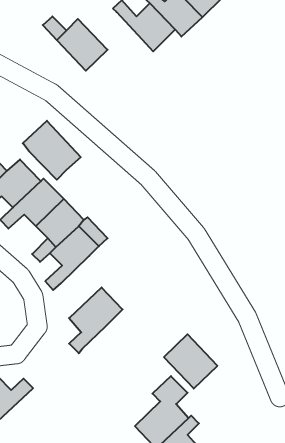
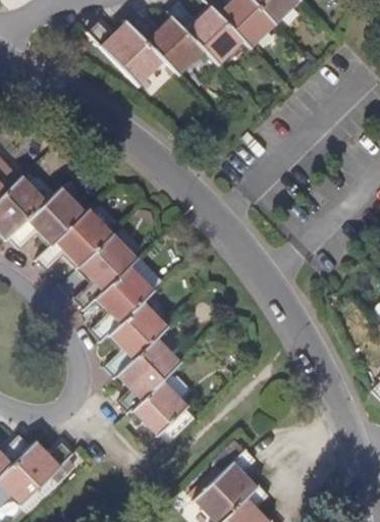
building: none -> [126,12,203,73]
building: [23,121,81,180] -> none
building: none -> [104,300,166,376]
building: [164,334,217,389] -> [133,381,196,445]

